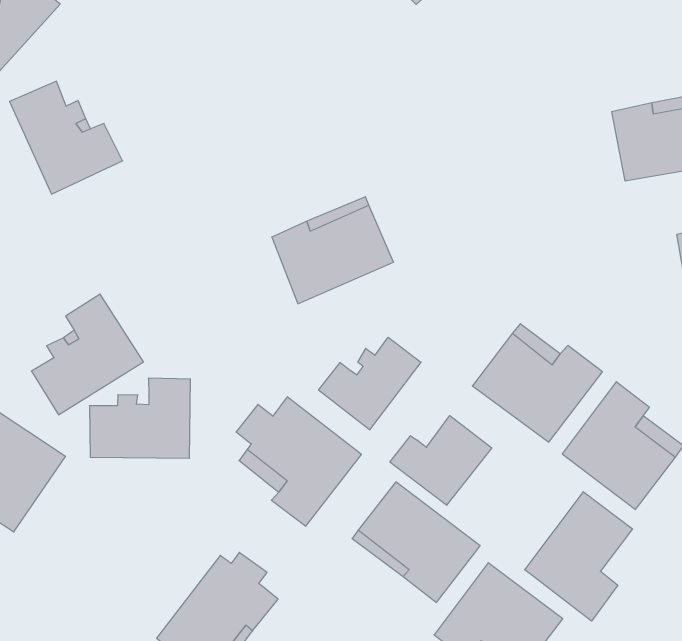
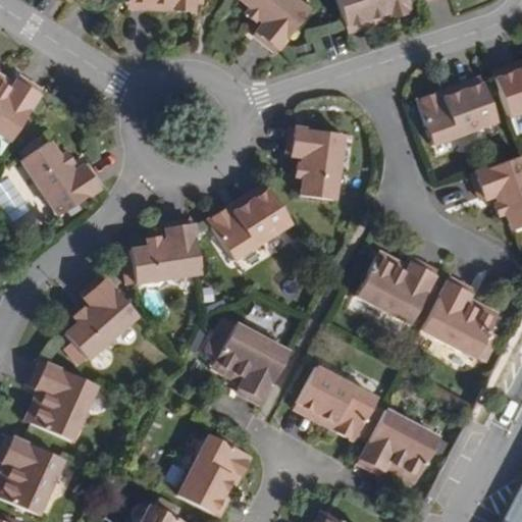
building: none -> [289,125,344,200]
building: [319,337,421,430] -> none
building: [89,378,190,458] -> [129,220,201,282]
building: [390,416,492,505] -> none
building: [525,492,633,621] -> none

